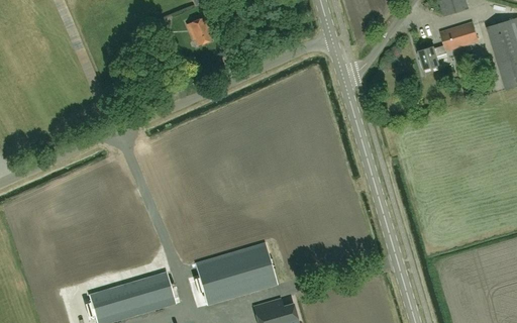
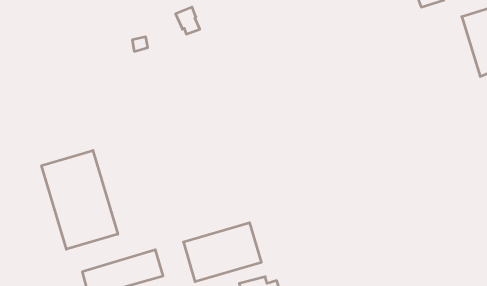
building: [418,22,479,70] -> none
building: none -> [42,150,118,249]

